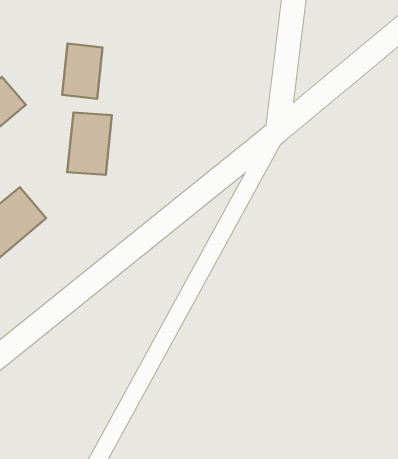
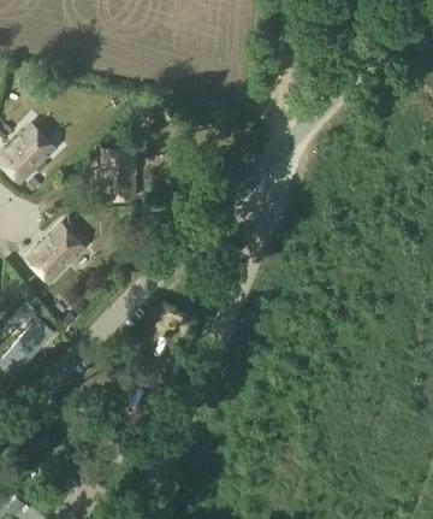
building: [62,43,103,99] -> none

